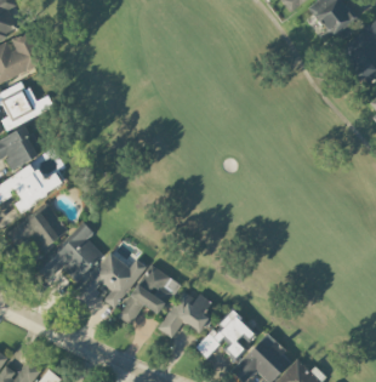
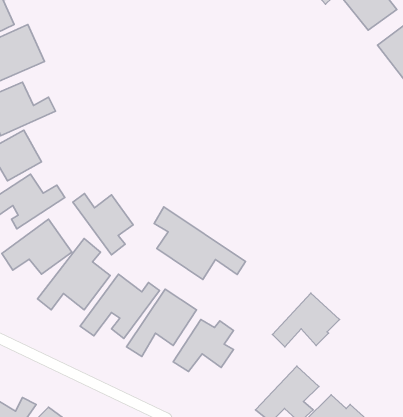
building: none -> [73,193,133,255]
building: none -> [154,207,246,279]
building: [196,310,256,358] -> [272,293,340,347]

